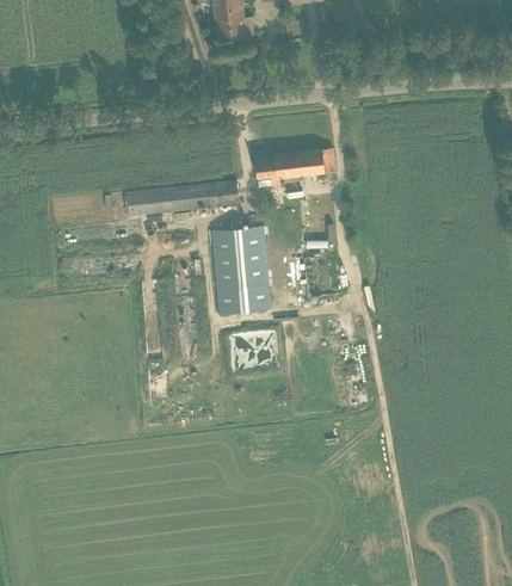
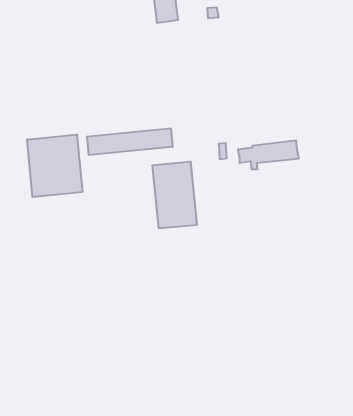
building: [254,147,335,185] -> [238,141,299,169]
building: none -> [27,134,82,197]

